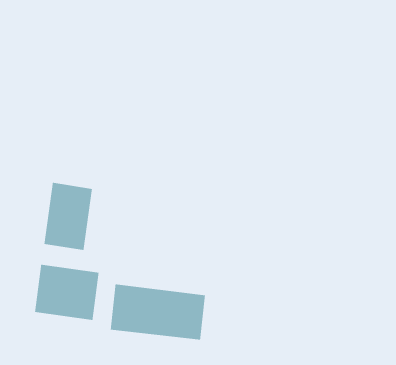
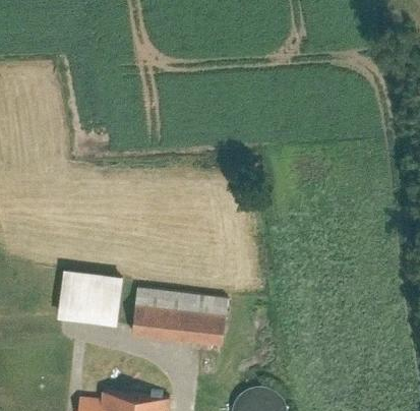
building: [43,182,93,251] -> none

